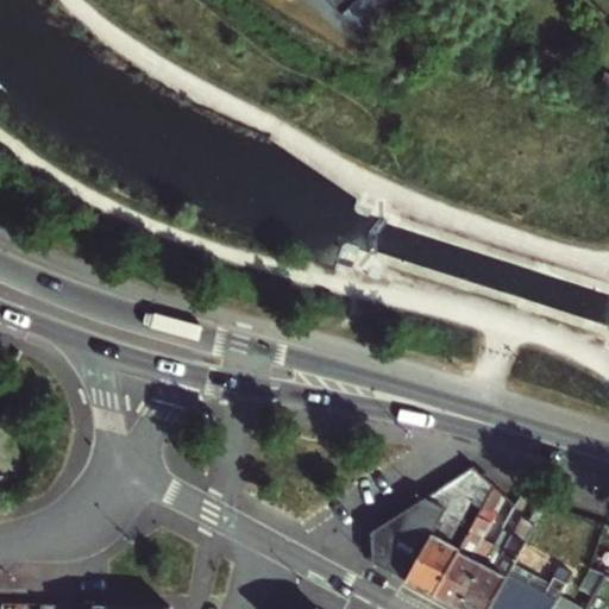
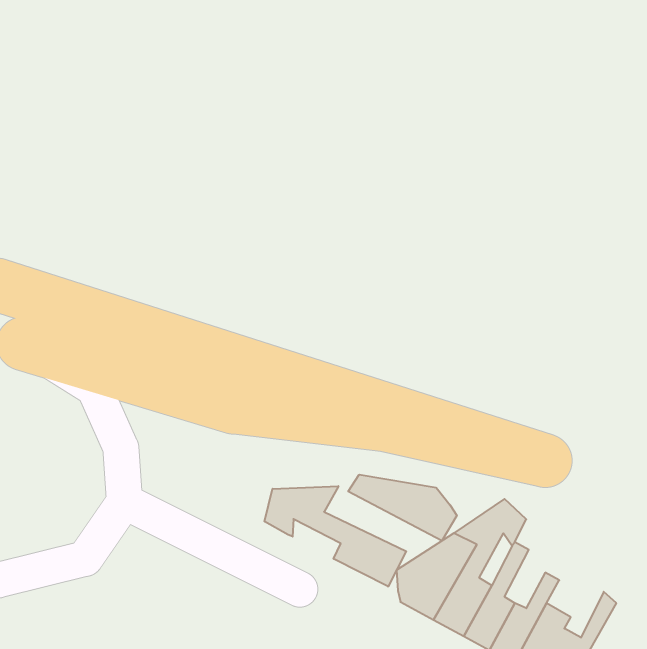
building: none -> [348,475,457,541]
building: none -> [265,486,406,587]

